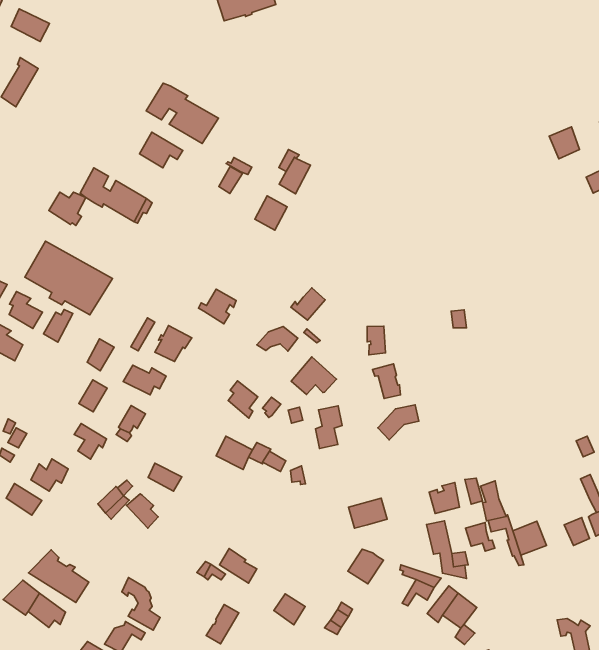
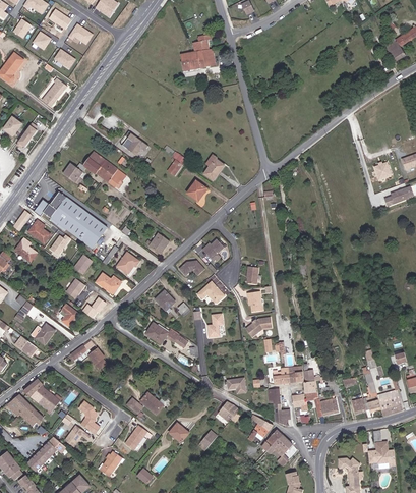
building: [146,83,218,143] -> none
building: none -> [79,218,107,248]

